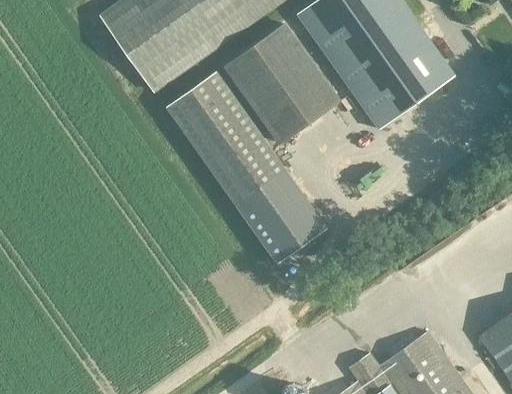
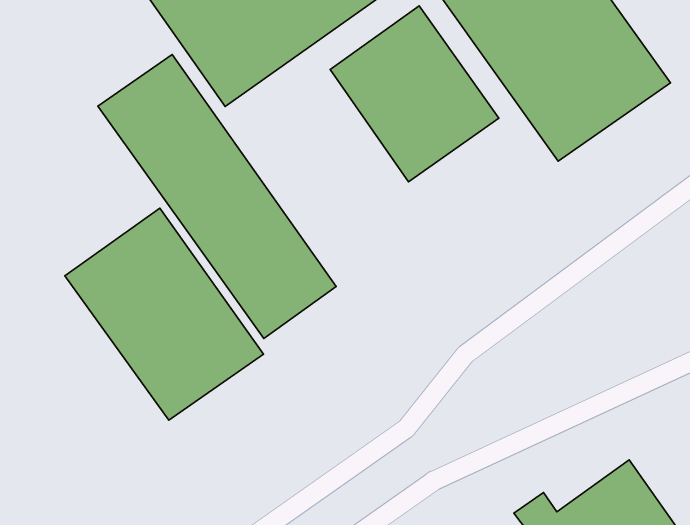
building: [166,71,327,263] -> [98,54,336,338]
building: none -> [65,208,263,420]

